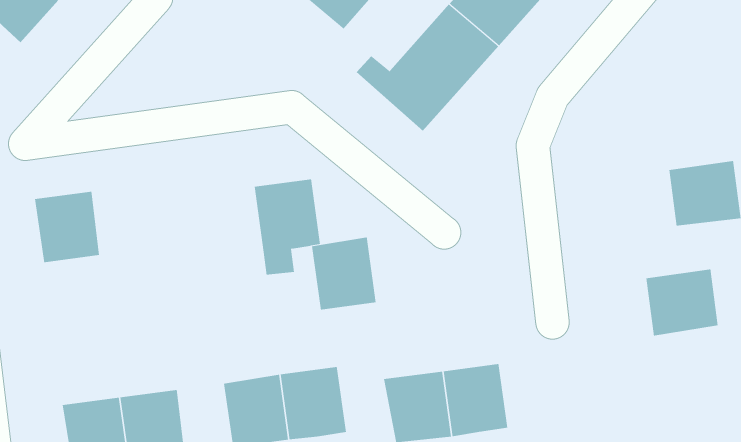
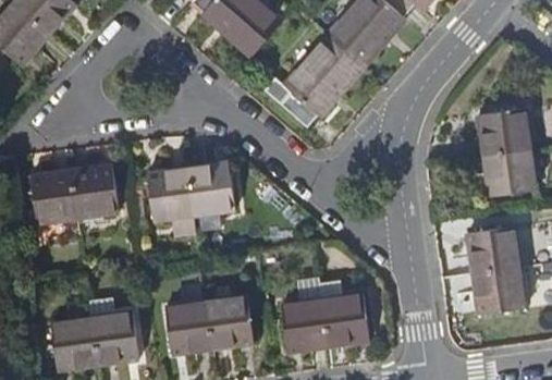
building: none -> [476,108,529,156]
building: none -> [71,166,118,217]
building: [311,237,377,310] -> [146,168,193,220]
building: none -> [471,267,524,315]

